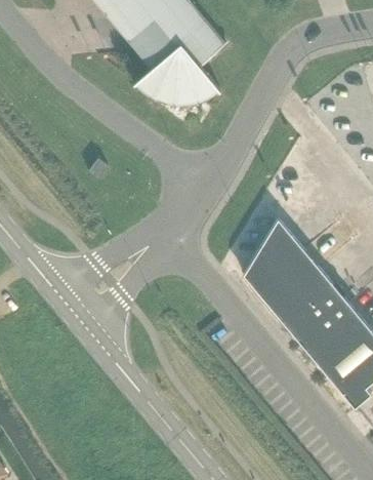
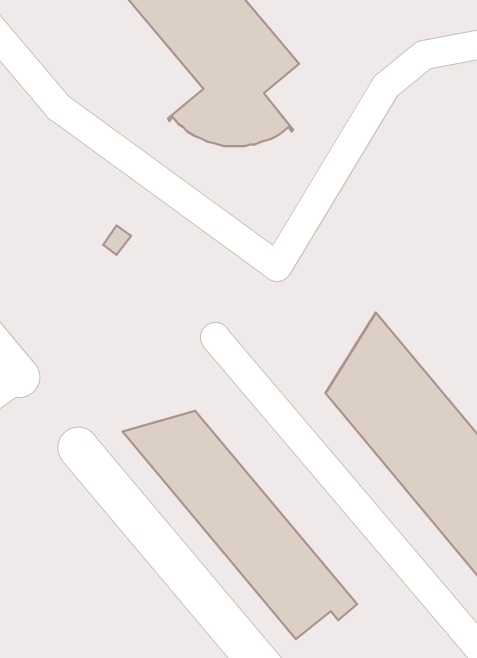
building: none -> [122,411,357,639]

